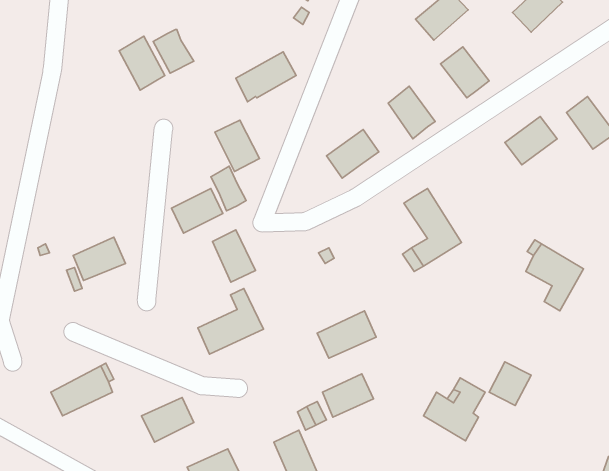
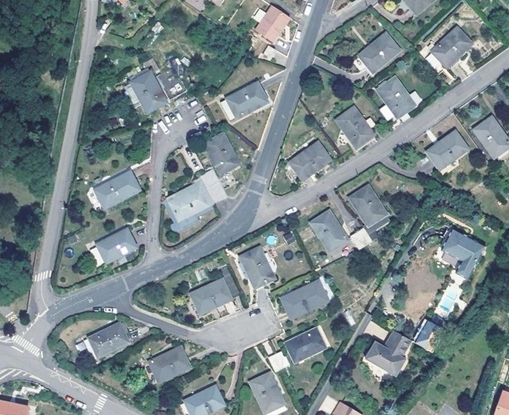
building: none -> [97,167,142,203]
building: none -> [309,212,345,251]
building: [212,230,256,282] -> [240,247,273,287]

